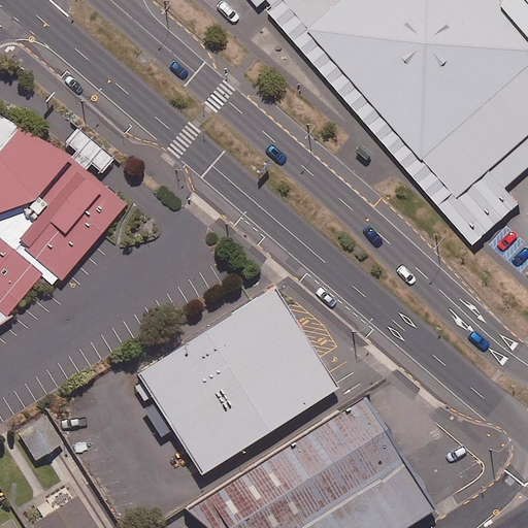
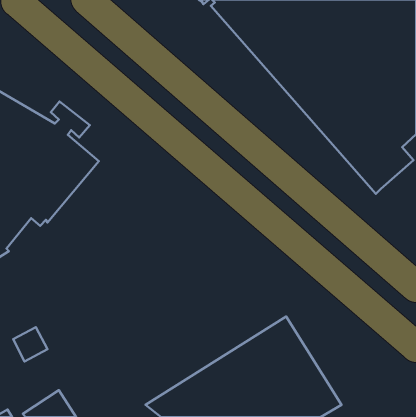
building: [137,289,338,476] -> none

